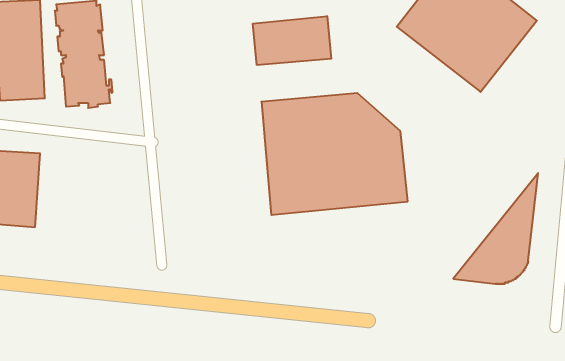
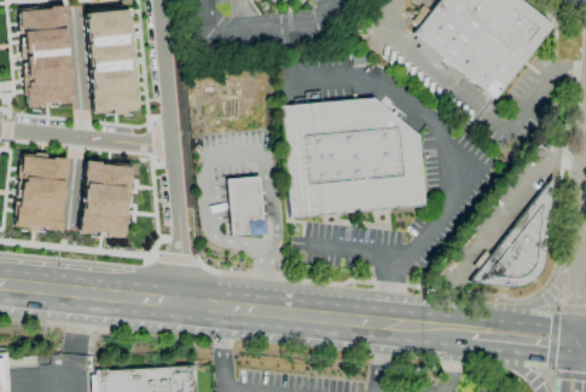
building: [253,16,331,65] -> none
building: none -> [79,162,133,237]
building: none -> [228,179,266,236]

